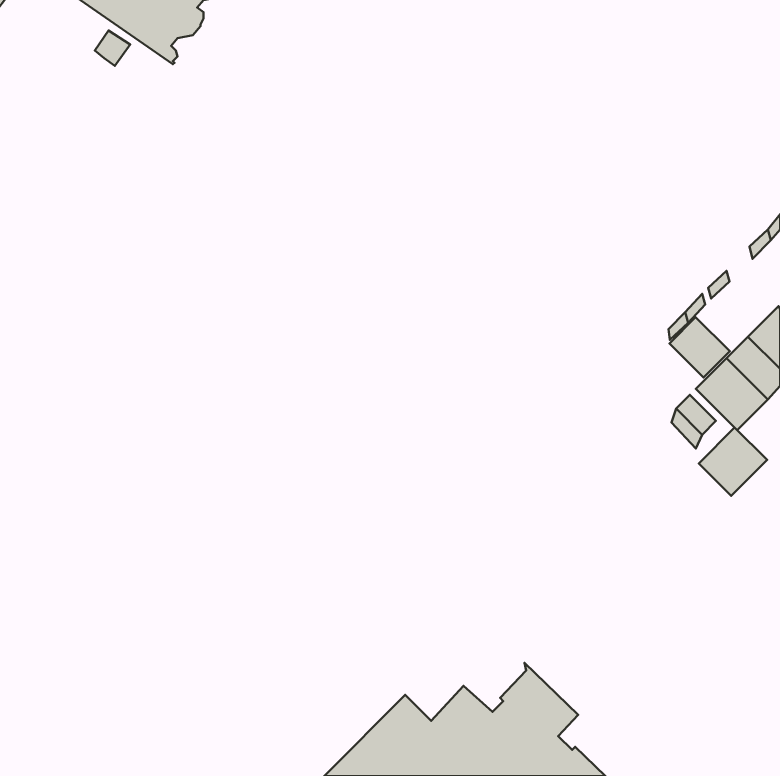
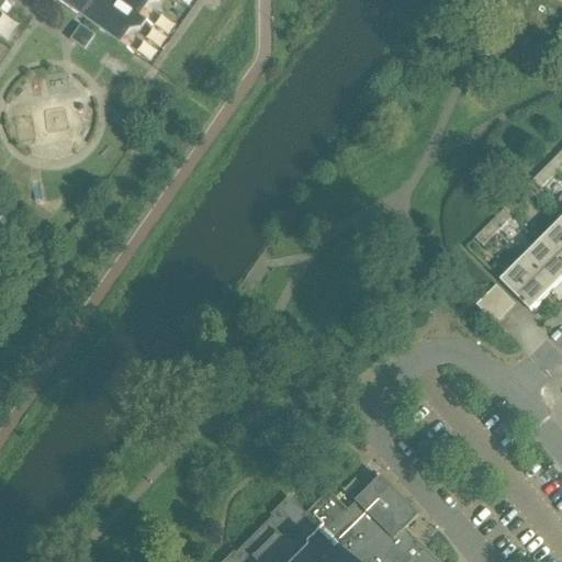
building: [669,317,730,377] -> none
building: [699,427,767,496] -> none

